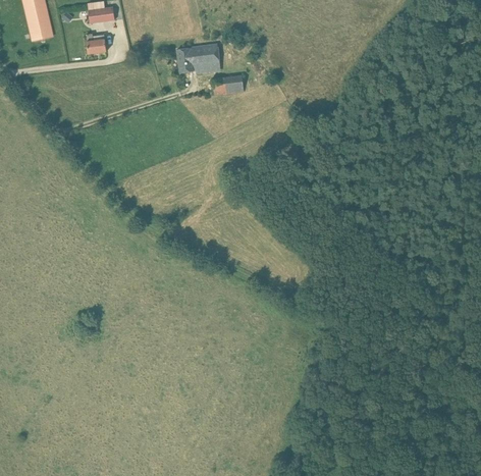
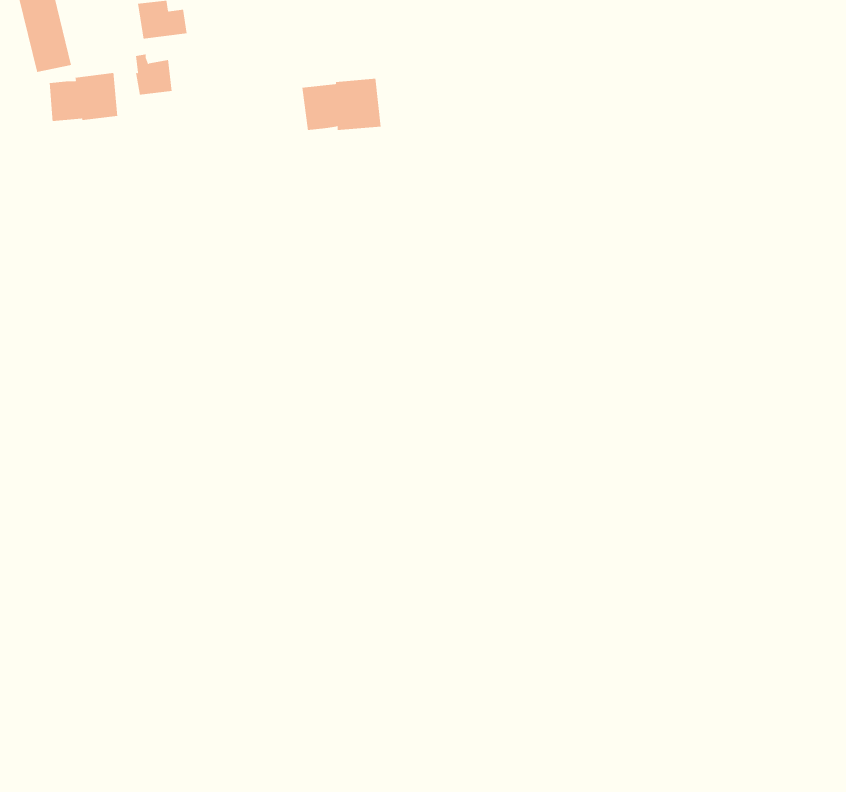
building: none -> [49,72,118,122]
building: [213,75,244,96] -> none

